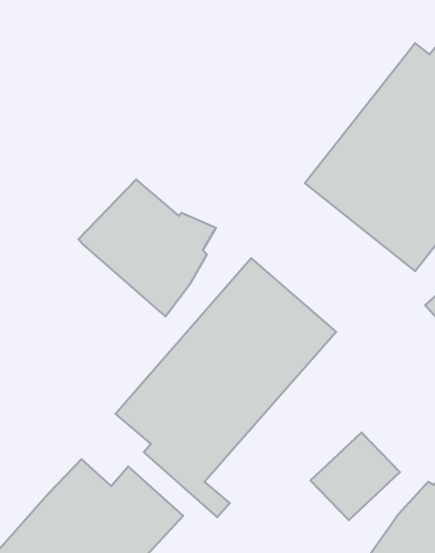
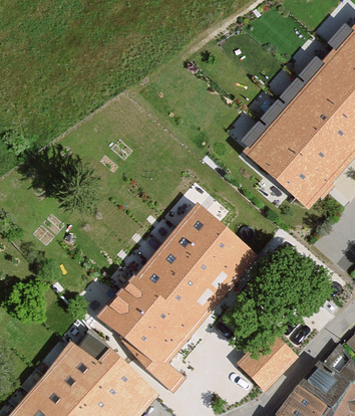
building: [78,180,216,316] -> none

